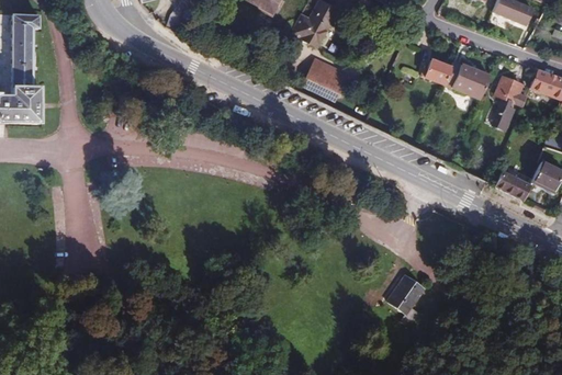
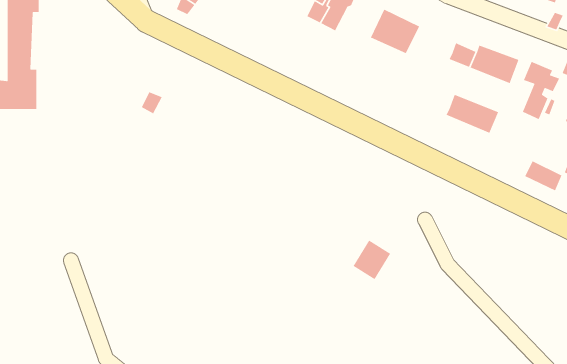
building: [301,59,348,102] -> [370,9,420,54]
building: none -> [446,94,499,134]
building: [387,272,424,310] -> [353,239,391,280]

